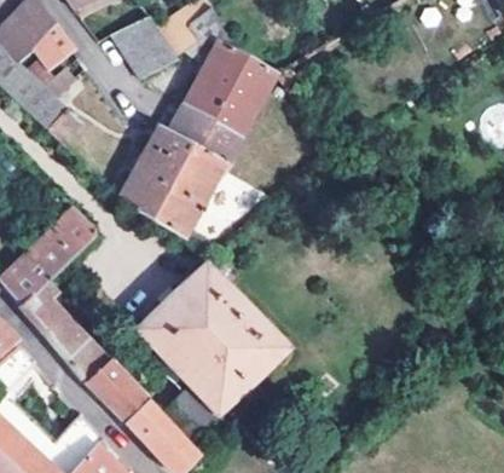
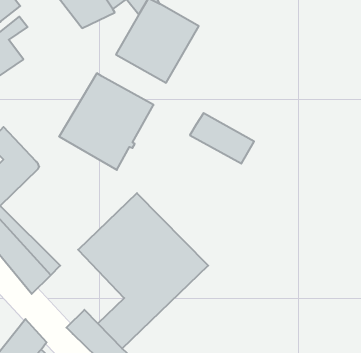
building: [166,106,239,165] -> [190,113,254,164]
building: [85,360,145,421] -> none

